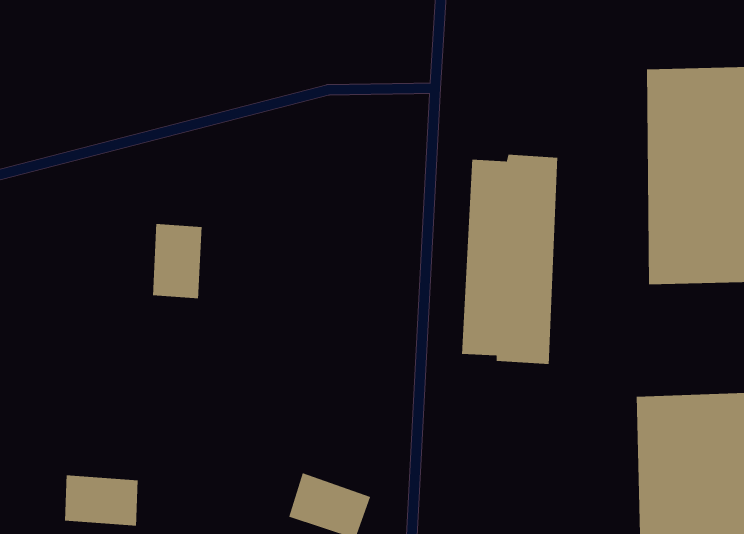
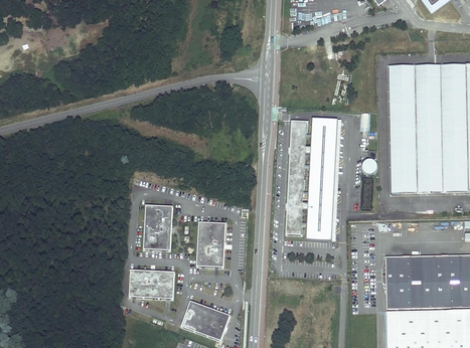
building: [152,223,202,299] -> [148,203,177,247]
building: none -> [196,220,225,265]
building: [64,474,139,526] -> [130,269,173,299]

